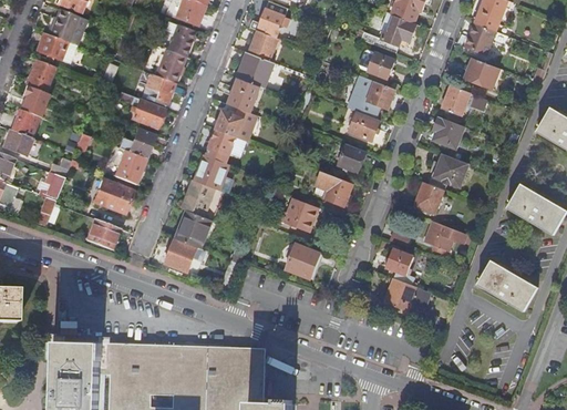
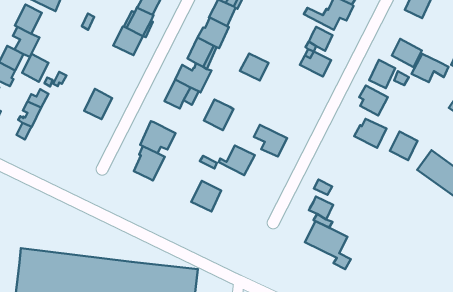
building: [464,23,506,55] -> [412,54,449,82]
building: [118,93,164,130] -> none
building: [347,111,379,141] -> [240,53,268,80]
building: none -> [22,54,48,82]
building: [117,129,154,158] -> none
building: [336,145,364,174] -> none
building: [196,156,229,191] -> [204,100,234,130]
building: [93,178,133,214] -> none
building: [412,182,443,214] -> [390,132,418,160]
building: [85,218,118,249] -> none
building: [423,221,456,256] -> none
building: [165,239,197,268] -> none
building: [285,245,318,279] -> [191,181,221,211]
building: [480,262,537,310] -> none

